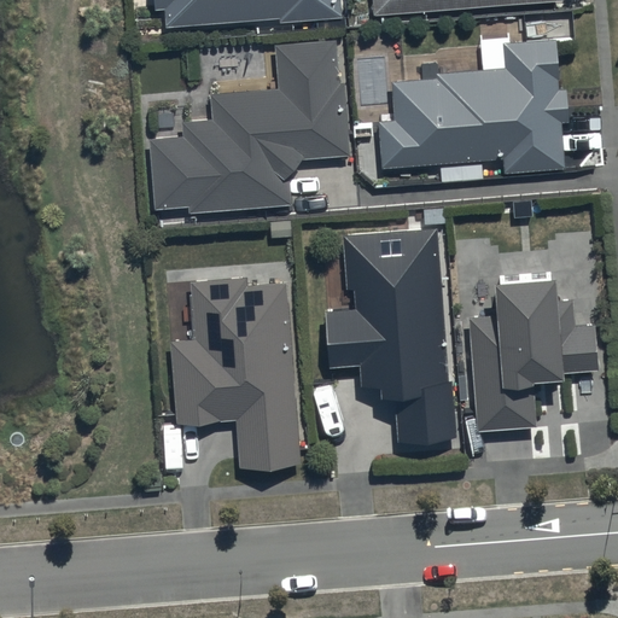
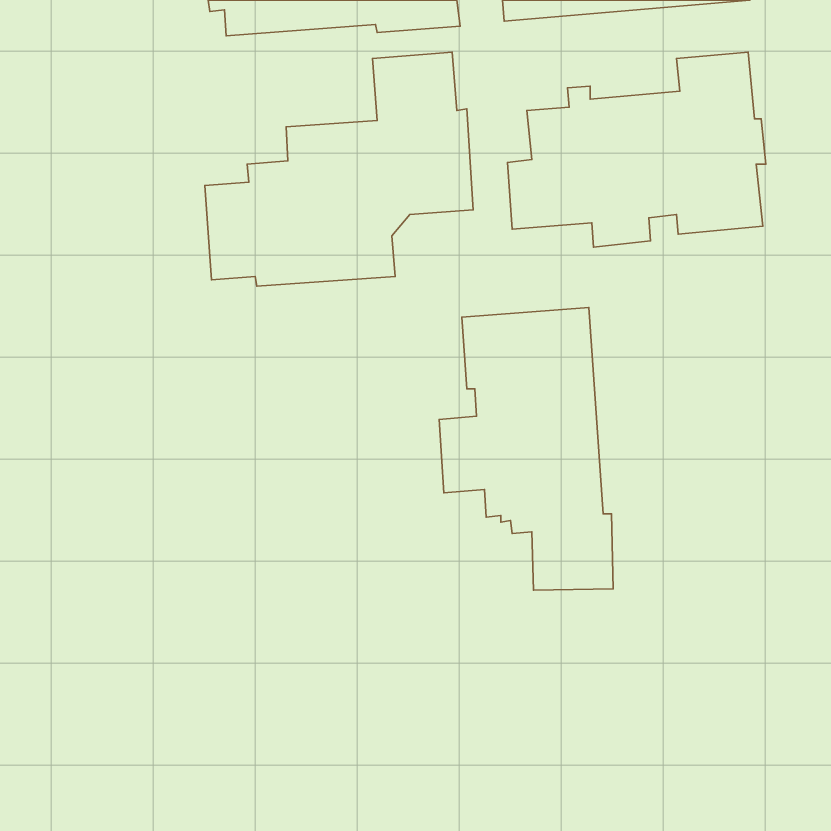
building: [468,262,596,430] -> none
building: [171,276,298,465] -> none

